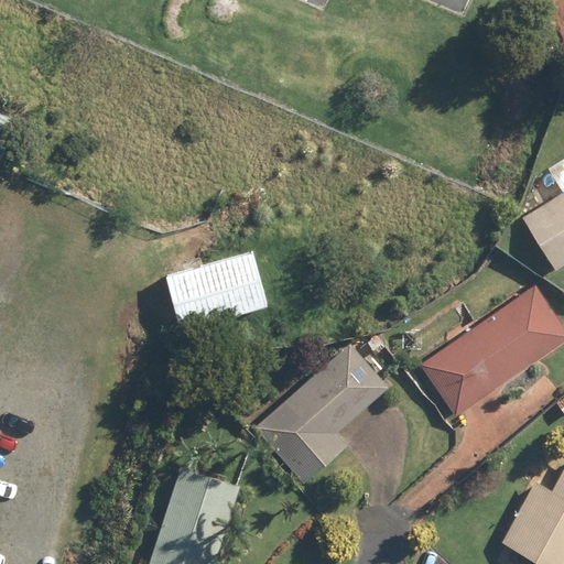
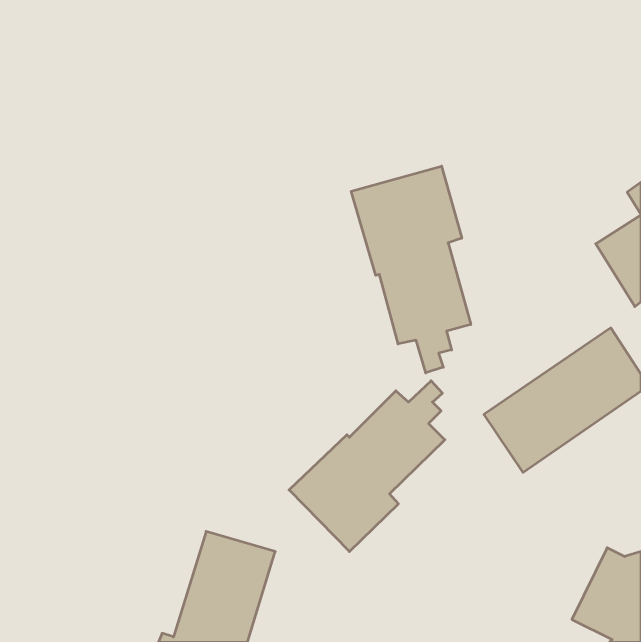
building: none -> [351,166,471,373]
building: [164,251,270,332] -> none

